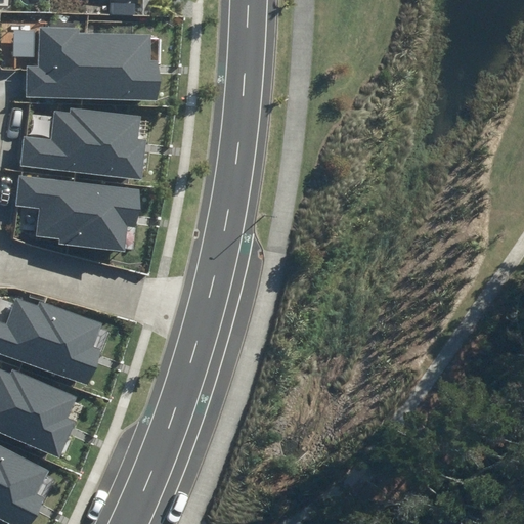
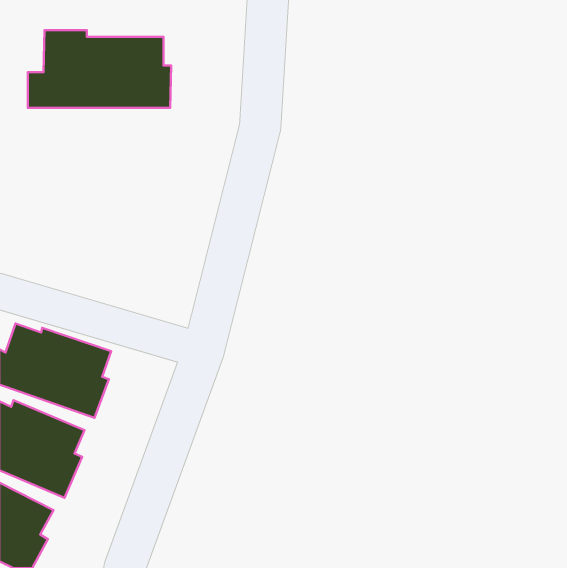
building: [18,107,144,179] -> none
building: [12,176,139,251] -> none

